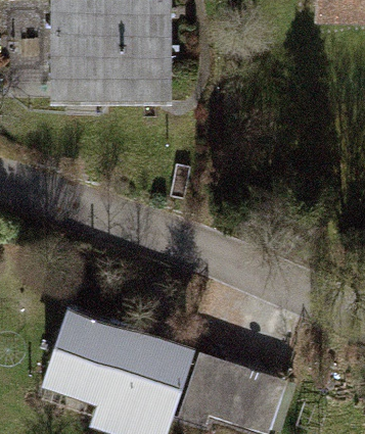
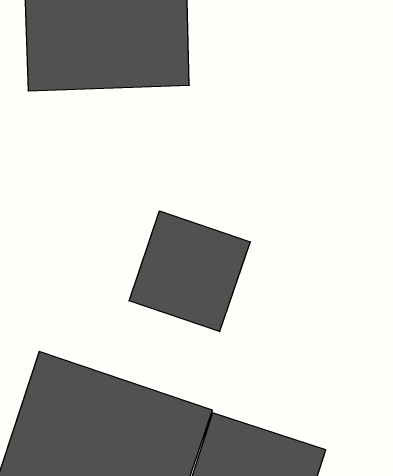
building: none -> [129,211,250,332]

